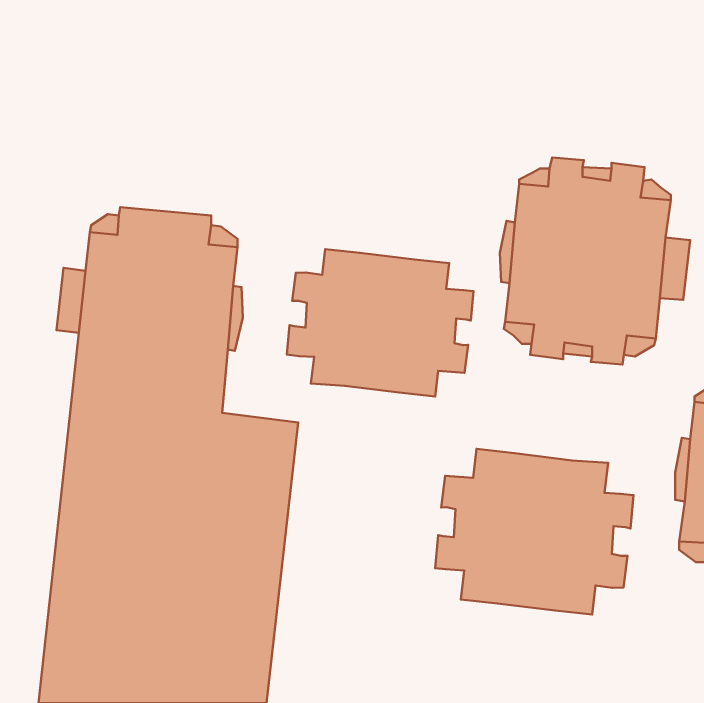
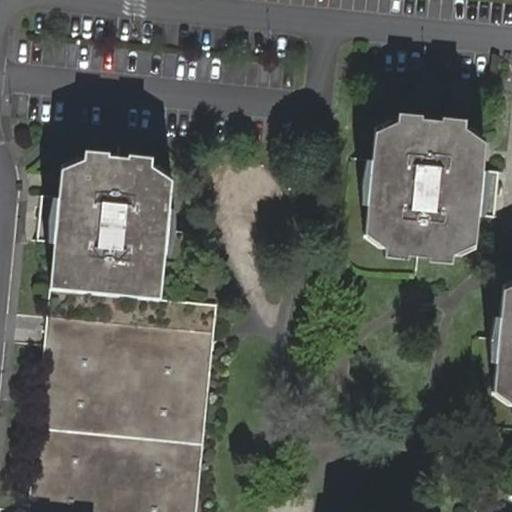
building: [287,249,474,397] -> none
building: [435,449,634,614] -> none

